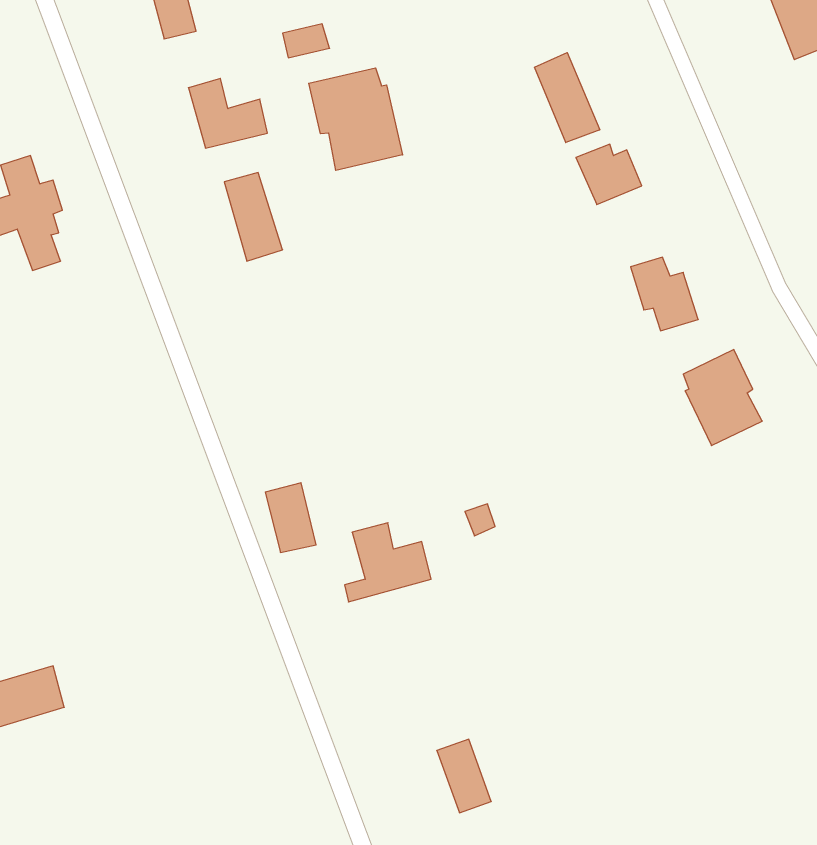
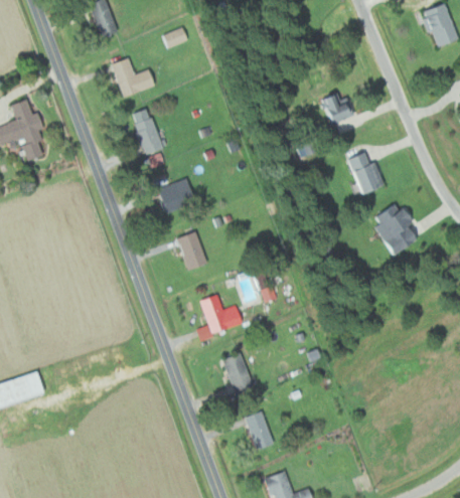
building: [535,53,600,143] -> none
building: [309,68,403,170] -> none
building: none -> [159,178,196,212]
building: [265,483,316,552] -> [178,232,205,270]
building: none -> [222,353,254,395]

